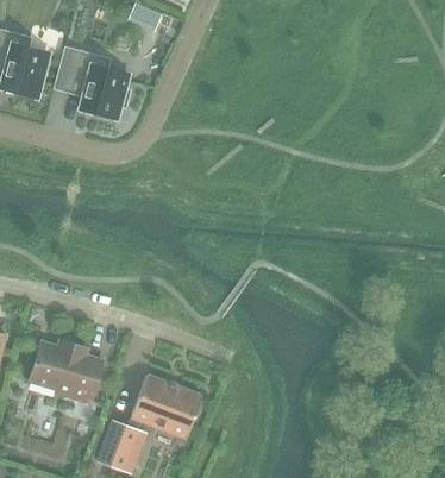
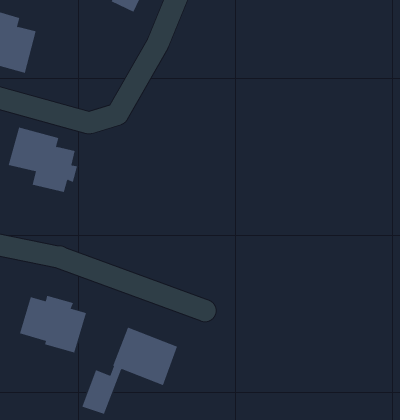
building: [55,48,131,119] -> [8,127,78,192]

